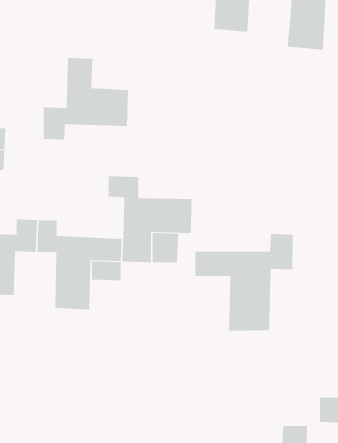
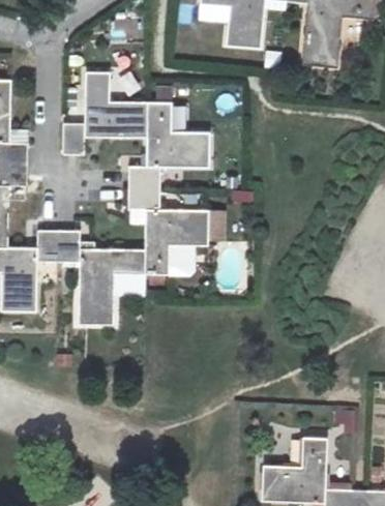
building: none -> [127,105,213,190]
building: [195,233,293,331] -> none

